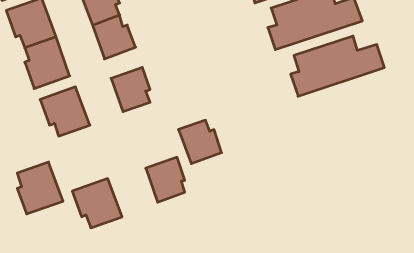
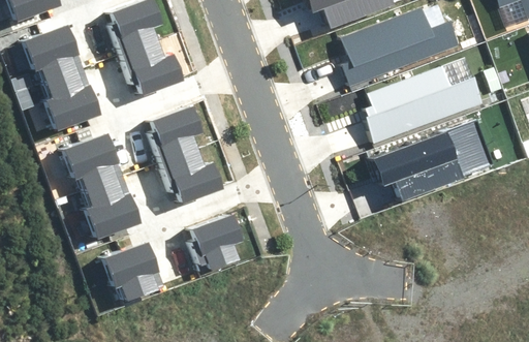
building: none -> [373,120,494,198]
building: [178,120,222,164] -> [163,148,216,200]
building: [17,162,63,214] -> [85,176,141,239]

